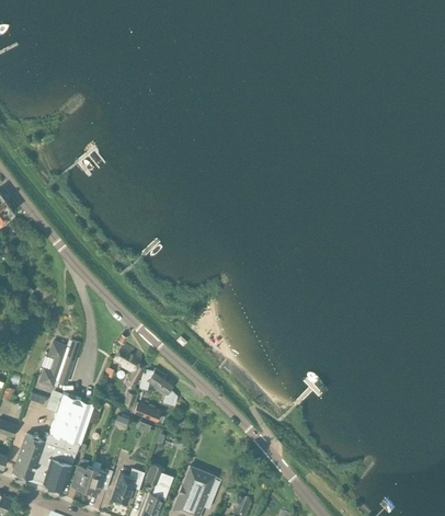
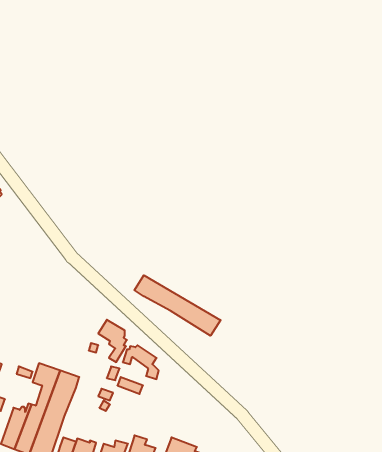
building: none -> [134,275,221,336]
building: [38,342,79,388] -> none

